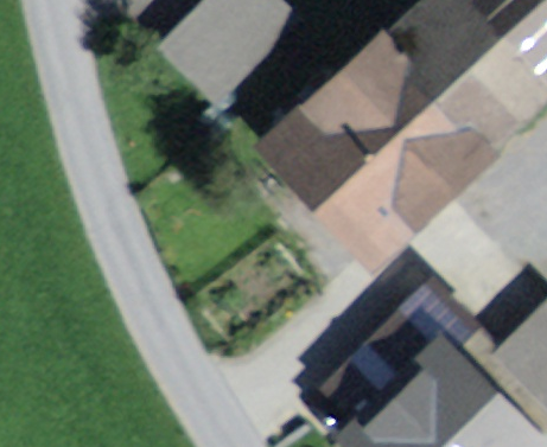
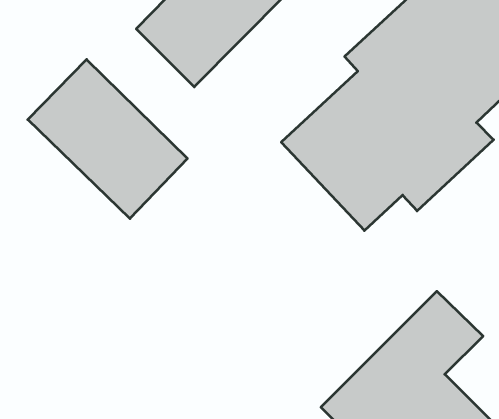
building: none -> [28,59,187,219]

